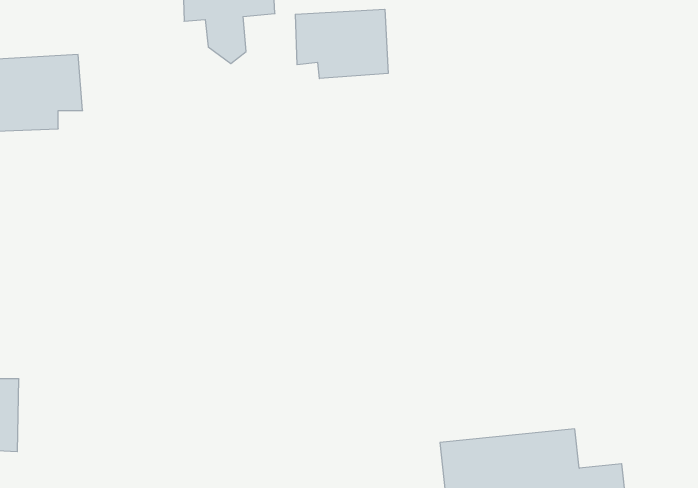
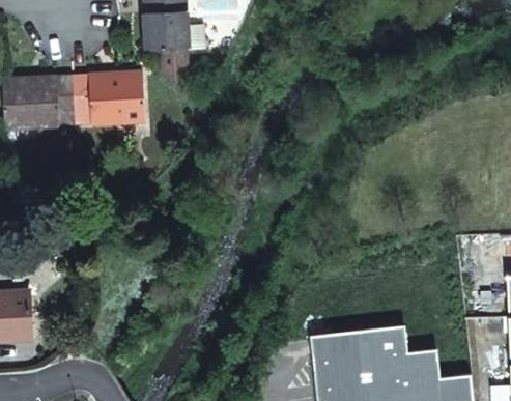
building: [295,9,388,79] -> none
building: none -> [69,68,141,121]

